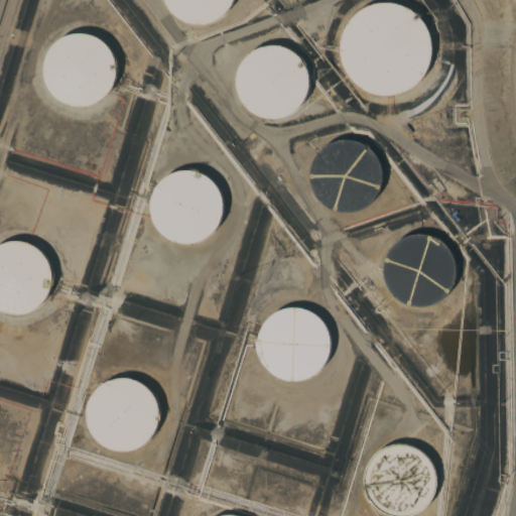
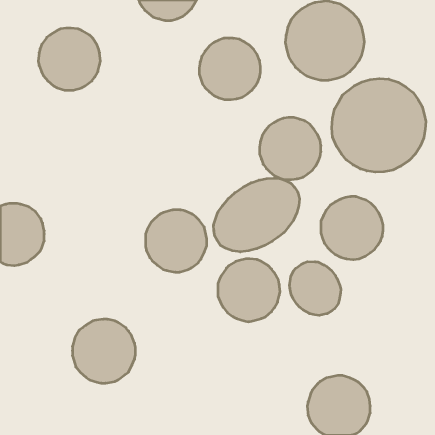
building: none -> [332,79,426,172]
building: [151,170,224,244] -> [146,210,207,272]
building: none -> [214,178,300,252]
building: none -> [290,262,341,315]

